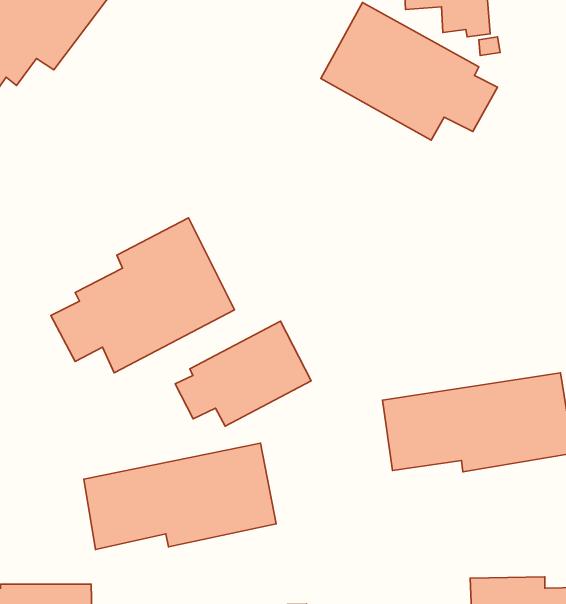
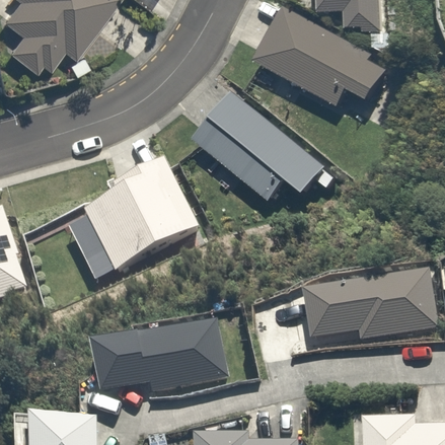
building: none -> [199,93,331,200]
building: [175,321,311,426] -> none

